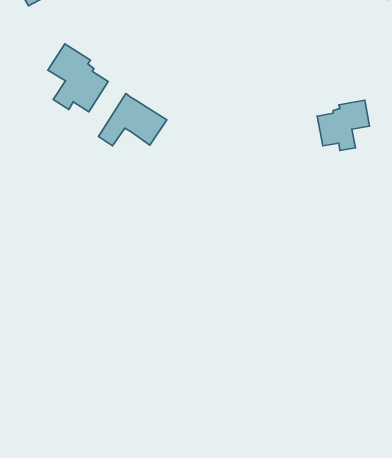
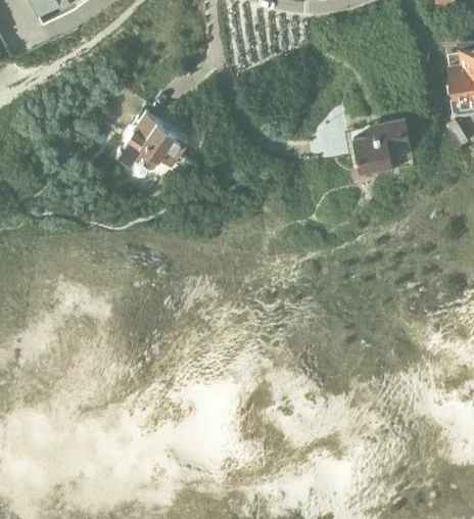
building: [48,44,108,112] -> none

